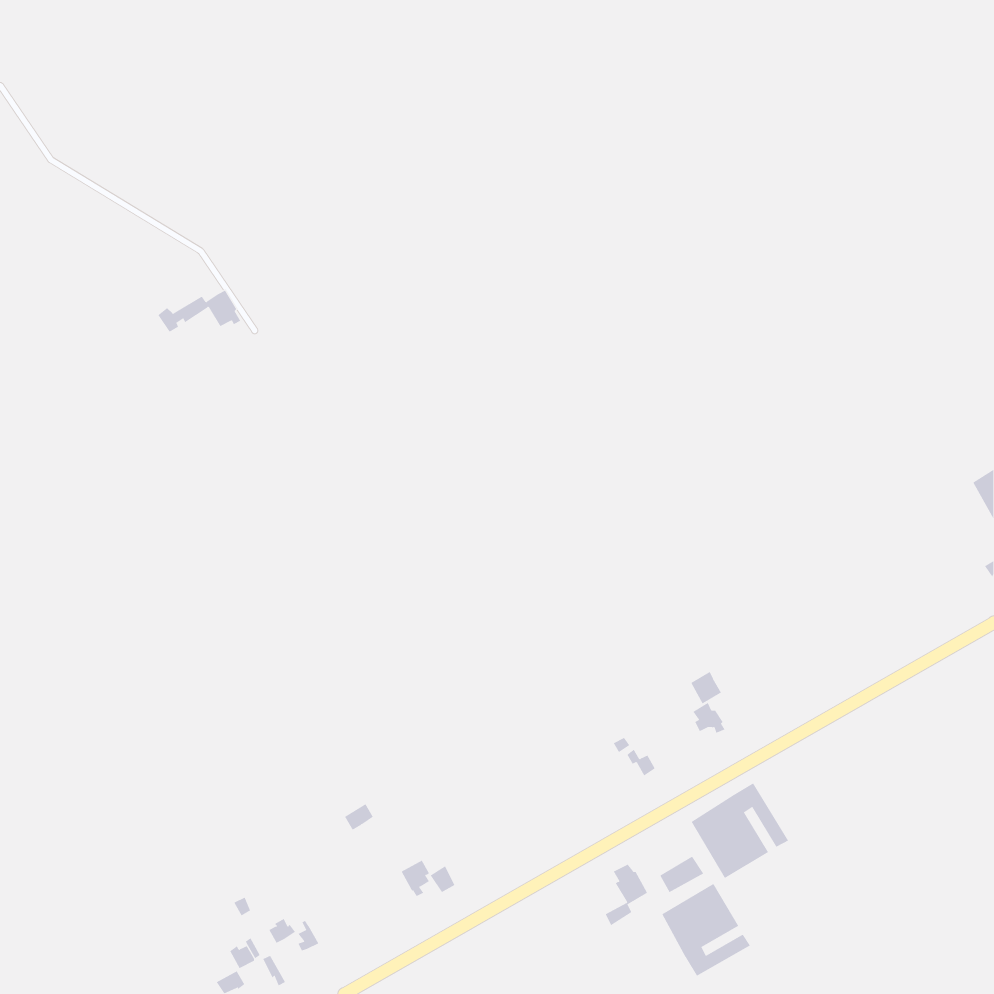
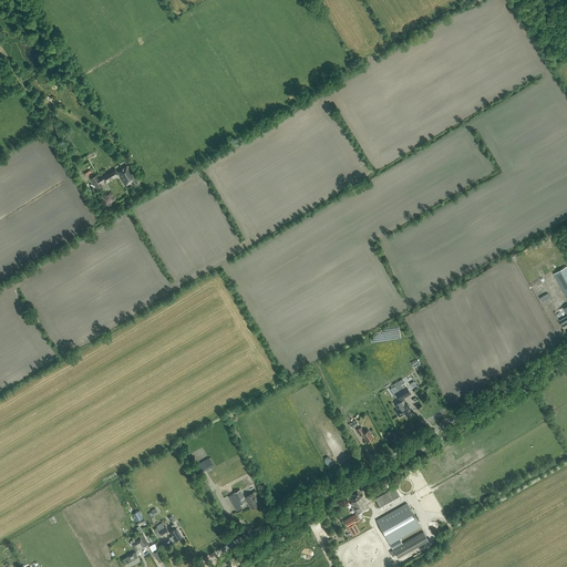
building: [691,783,789,879] -> none

